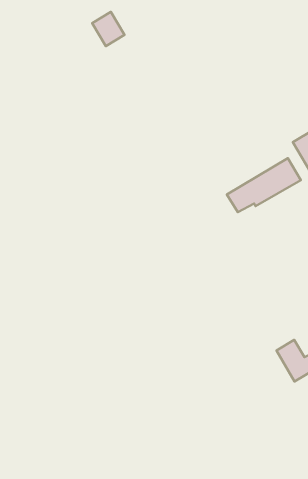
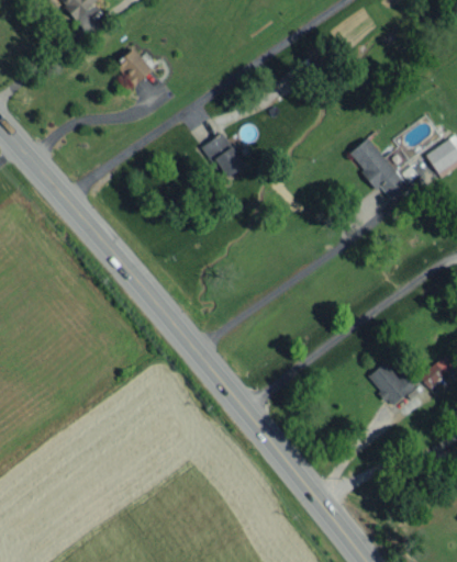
building: none -> [203,133,244,178]
building: [227,158,301,212] -> none

